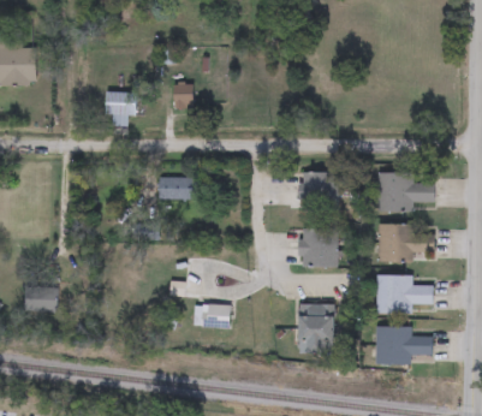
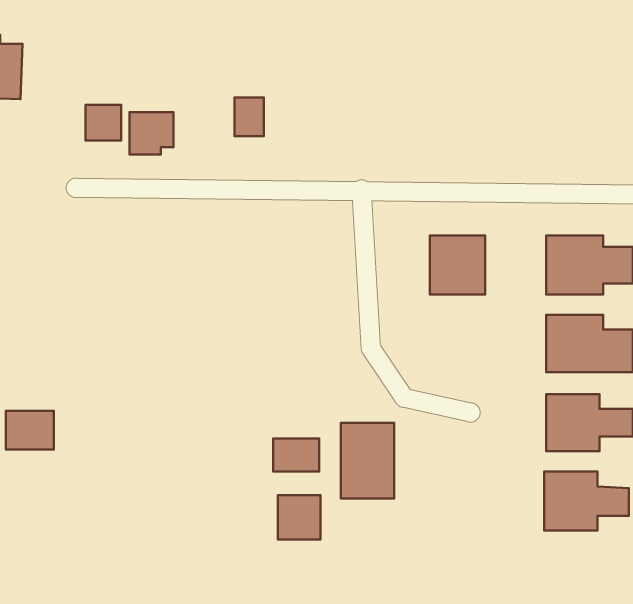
building: none -> [85,105,121,140]
building: [157,177,196,198] -> none
building: [300,228,337,267] -> none
building: [299,303,334,352] -> [341,423,394,498]
building: none -> [278,495,320,540]

